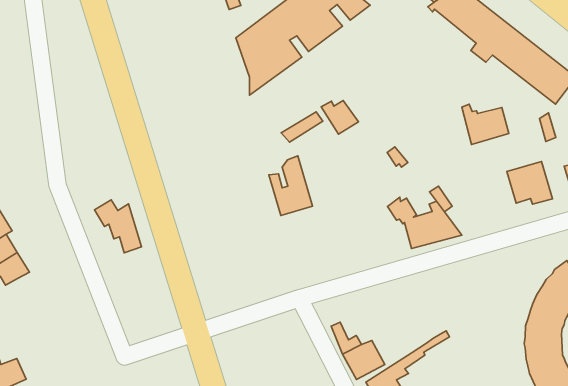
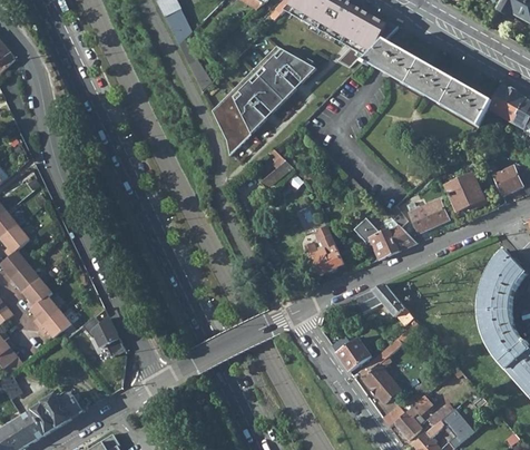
building: [321,100,358,134] -> none
building: [462,104,509,144] -> [405,198,446,232]
building: [269,156,312,215] -> [304,224,343,274]
building: [95,200,141,253] -> [80,316,122,358]
building: none -> [353,283,415,325]

